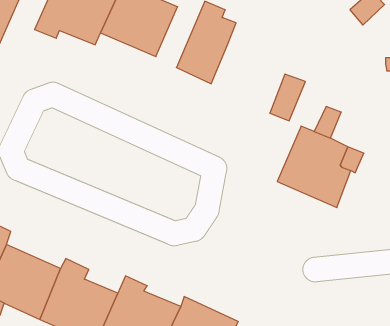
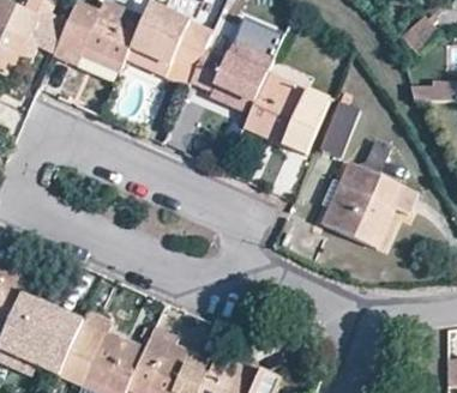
building: none -> [243,72,329,155]

